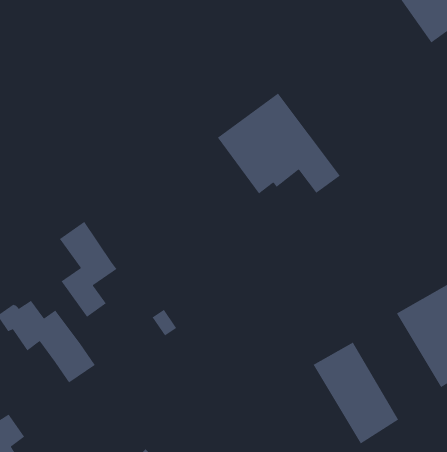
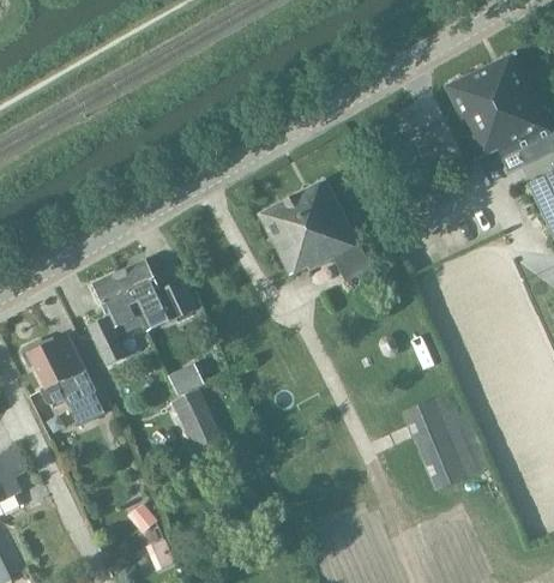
building: none -> [119,260,192,332]
building: none -> [171,389,223,453]
building: [313,342,399,445] -> none

